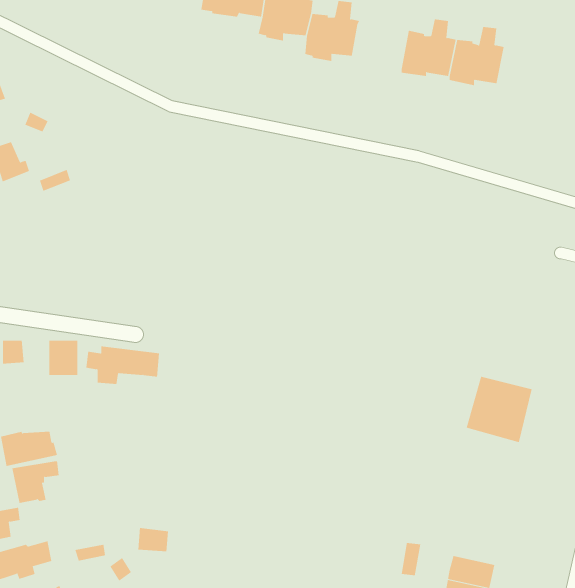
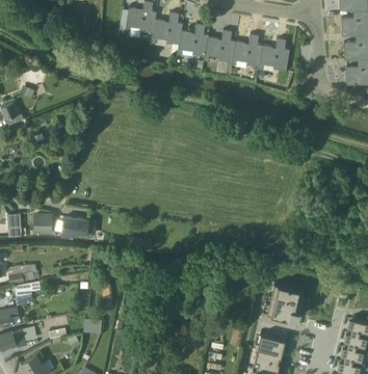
building: none -> [205,30,236,62]
building: [466,376,533,443] -> [265,282,303,319]

